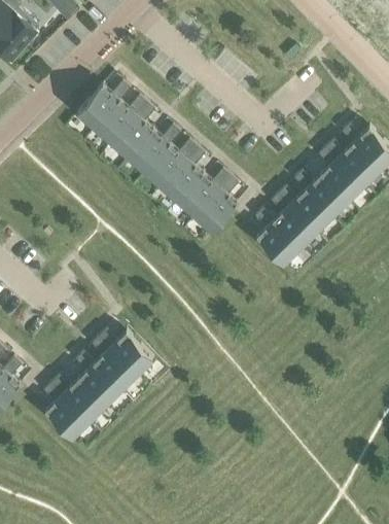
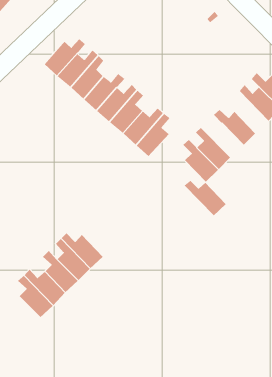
building: [317,148,363,203] -> none
building: [277,187,331,234] -> [184,180,227,216]

